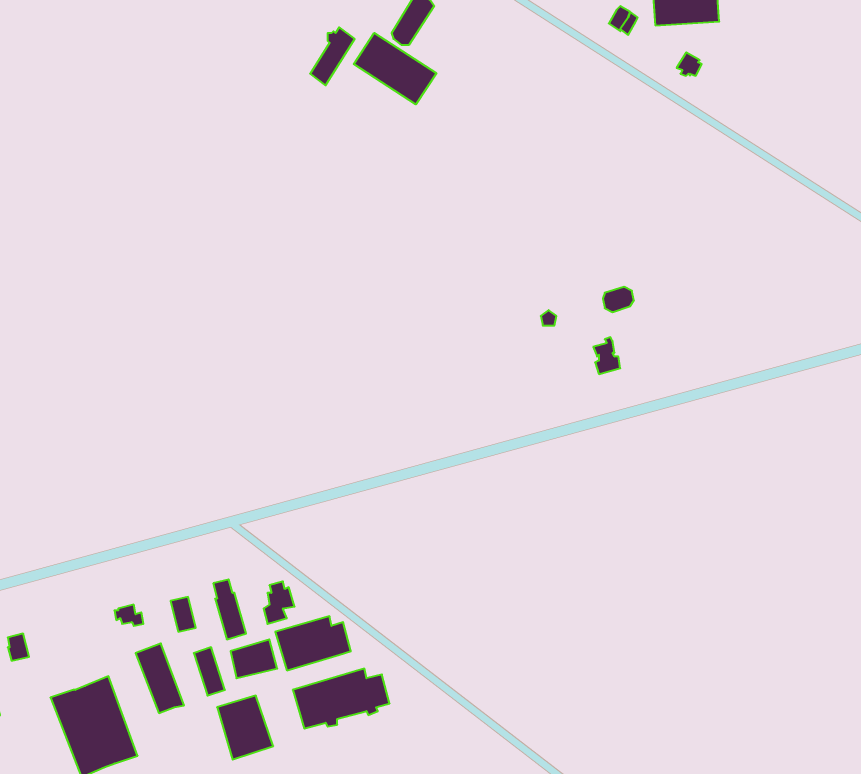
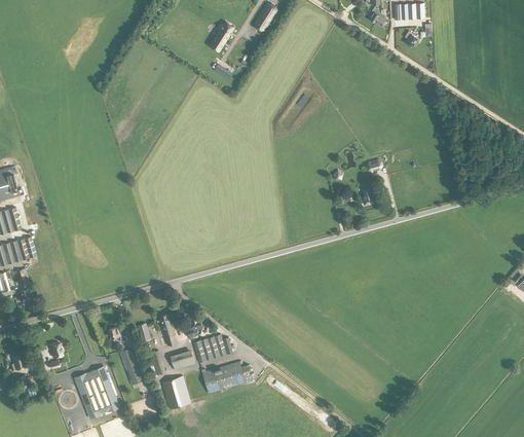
building: [354,33,436,104] -> none

